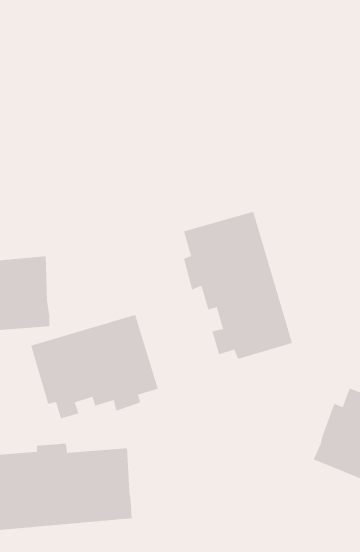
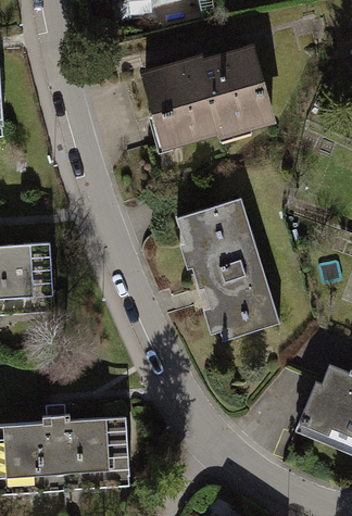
building: none -> [139,42,282,155]
building: [31,314,158,419] -> none

